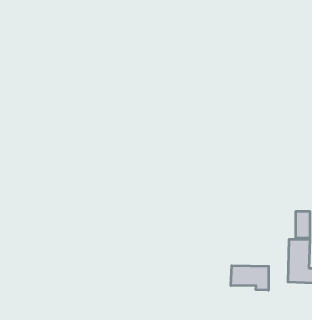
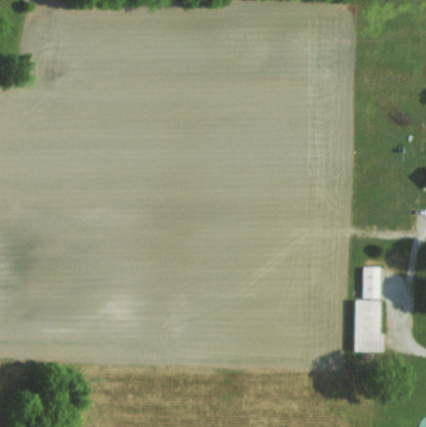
building: [231,266,269,290] -> none

